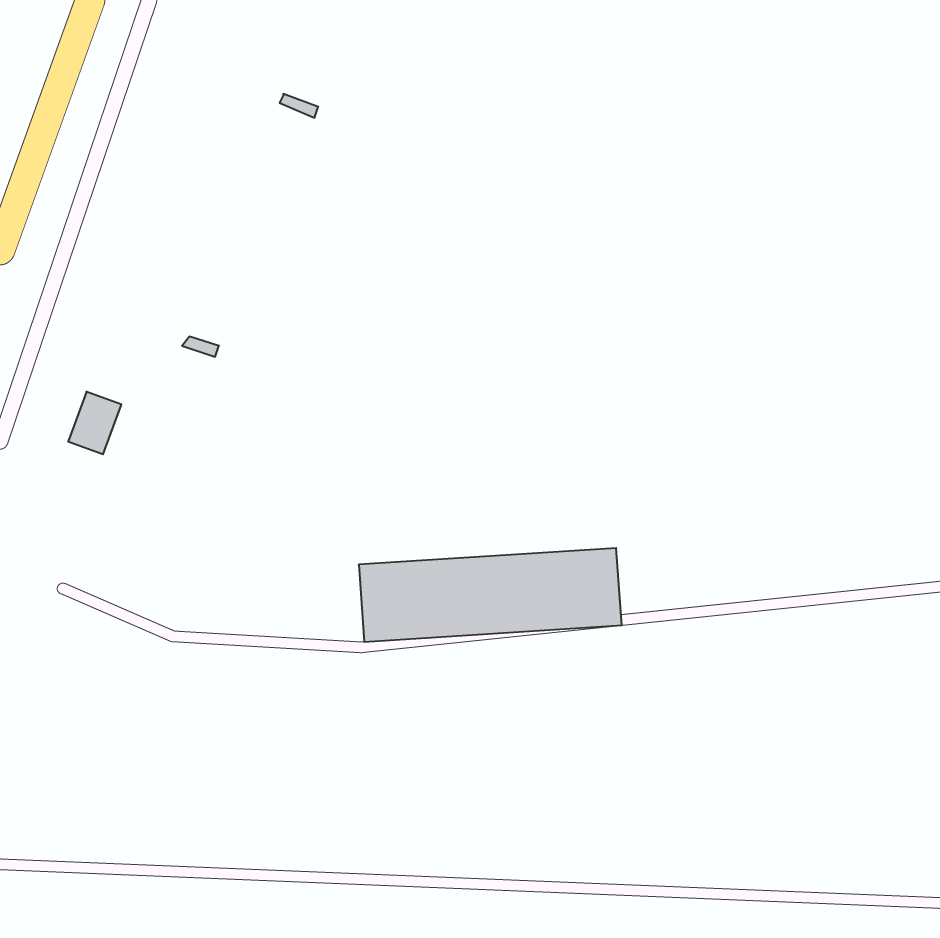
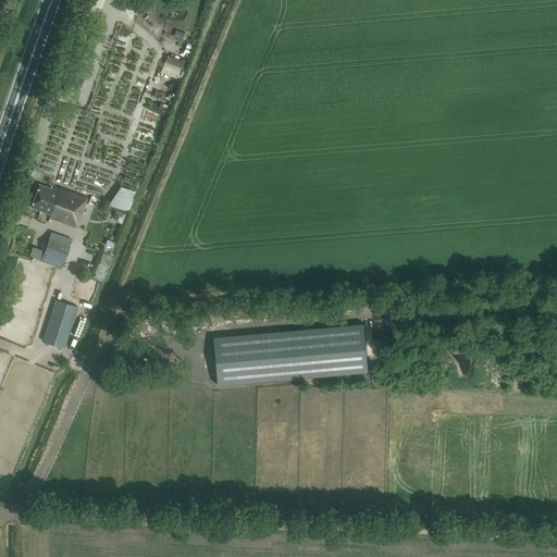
building: none -> [30,185,88,227]
building: none -> [42,301,77,349]

